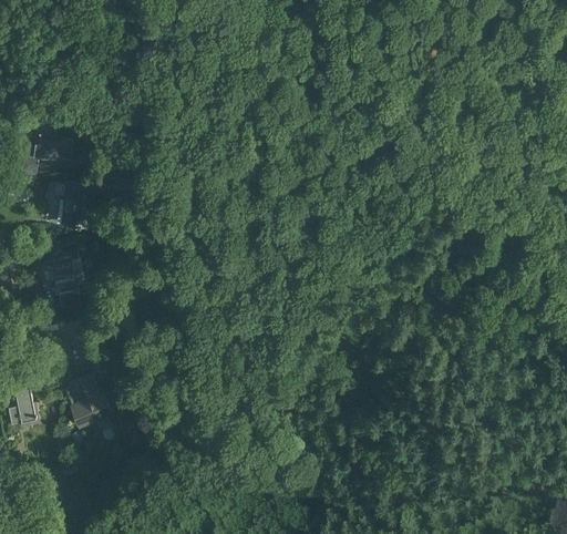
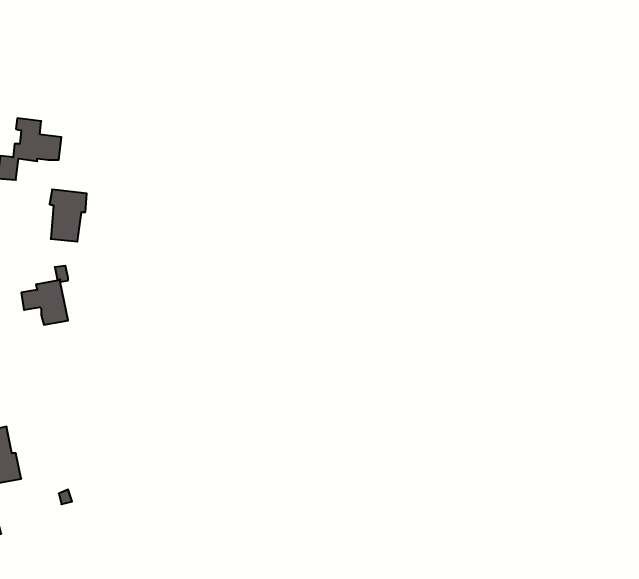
building: [68,376,107,427] -> none

